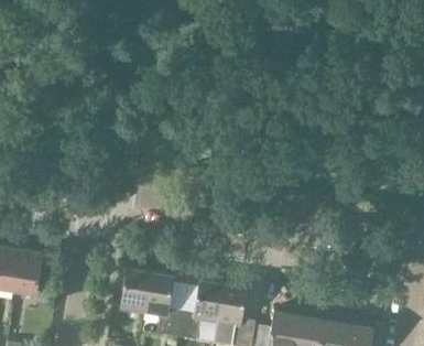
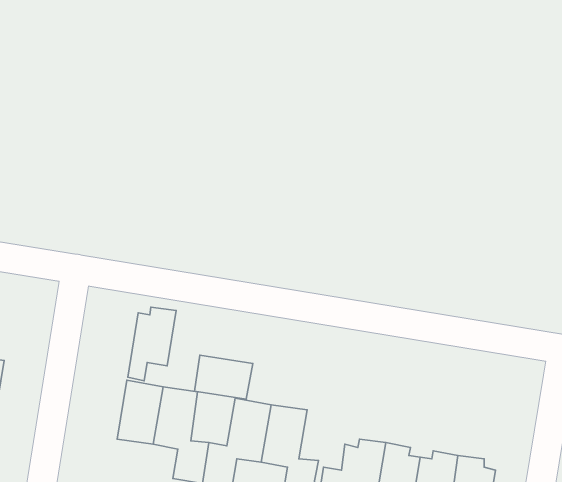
building: none -> [128,307,176,381]
building: none -> [194,355,253,399]

